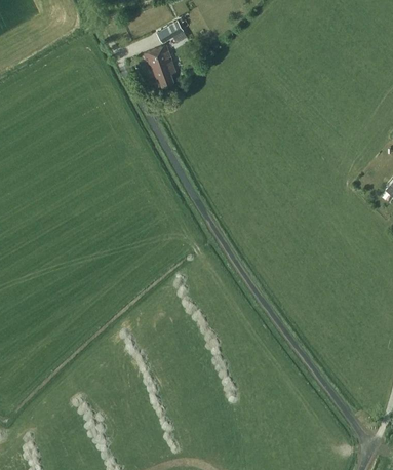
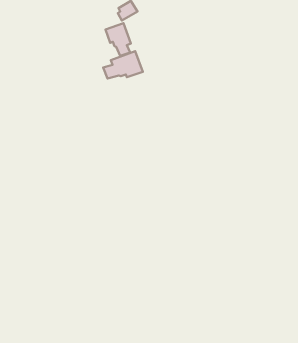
building: none -> [103,51,143,79]

